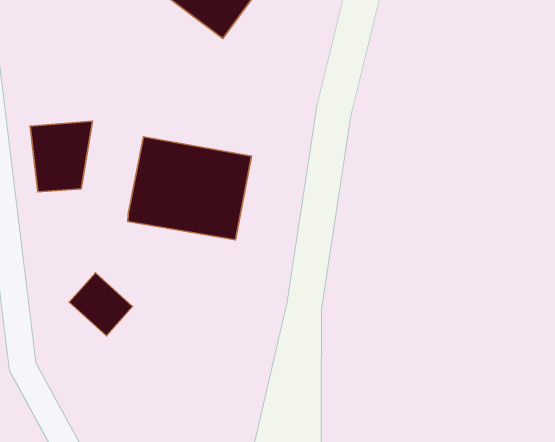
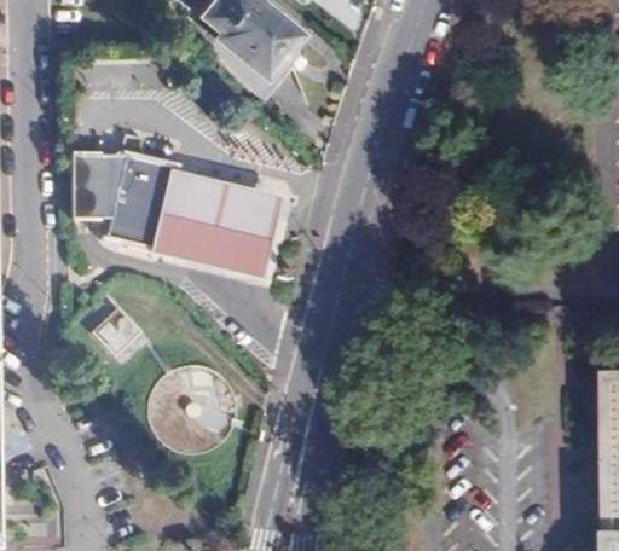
building: none -> [106,151,180,248]
building: none -> [146,365,235,451]

